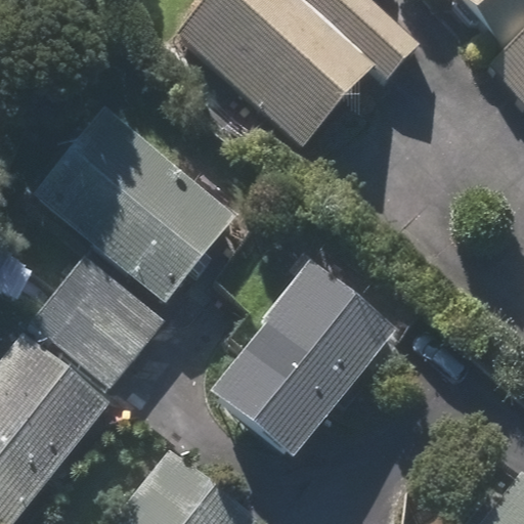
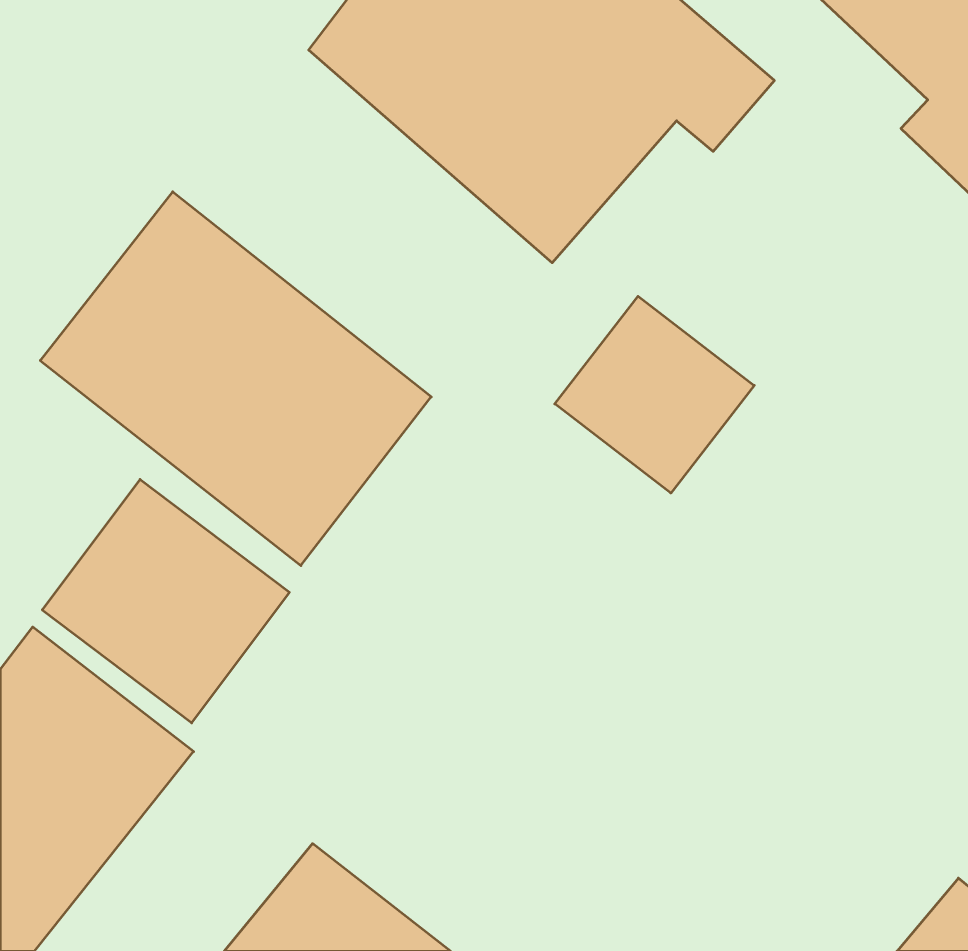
building: none -> [555,296,754,493]
building: [206,262,396,464] -> none

